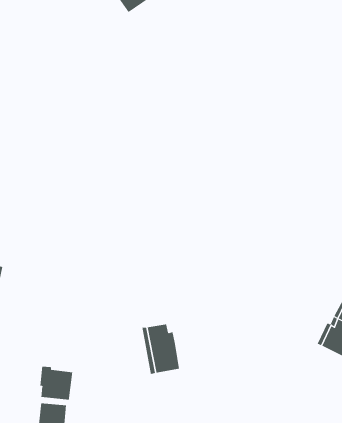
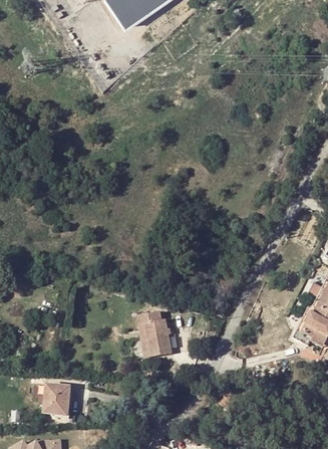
building: [40,366,73,400] -> none

